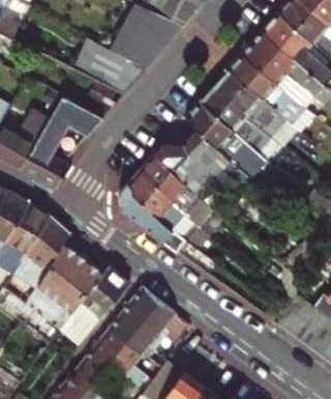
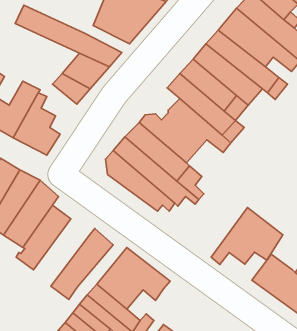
building: none -> [211,207,283,265]
building: [41,256,102,329] -> none

